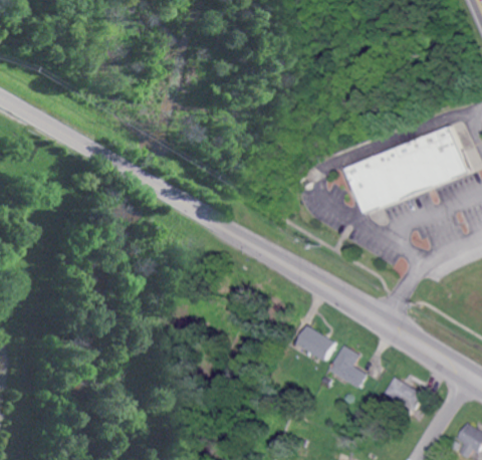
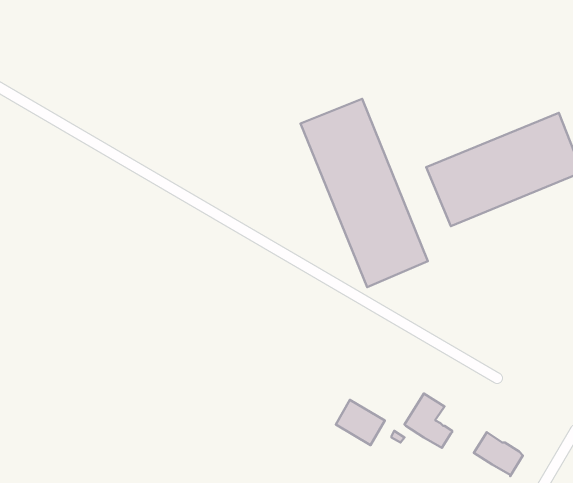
building: none -> [301,99,428,287]
building: [294,326,332,362] -> [336,400,385,445]

